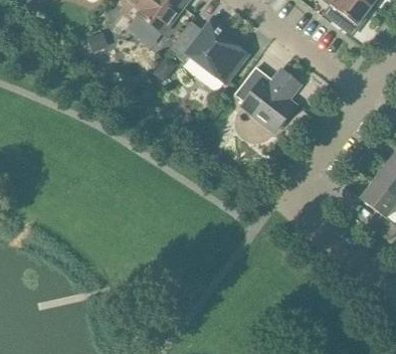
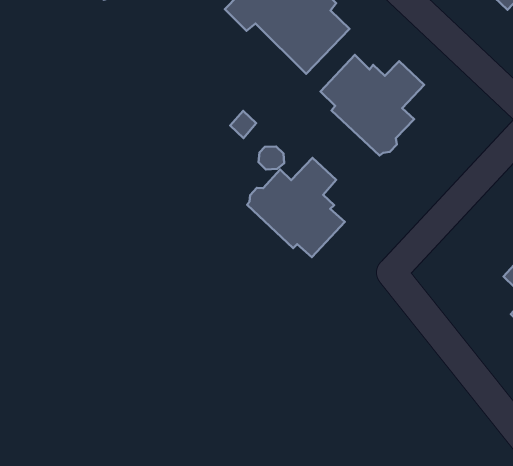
building: none -> [247,158,345,257]

